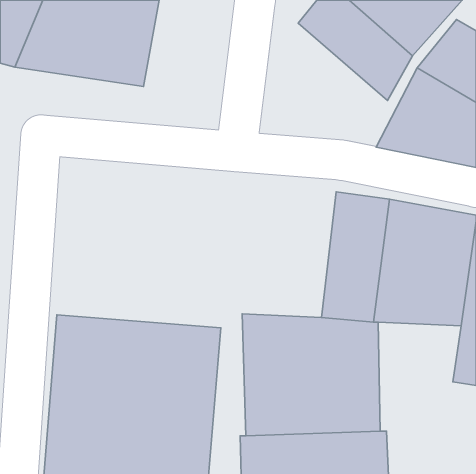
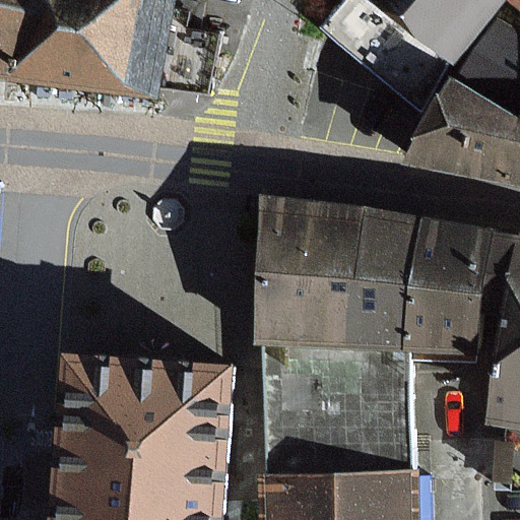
building: none -> [254,201,367,348]

